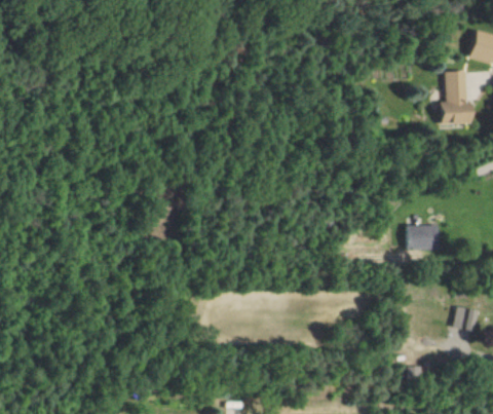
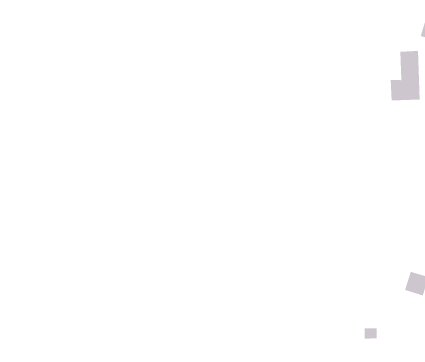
building: [405,225,438,250] -> none

